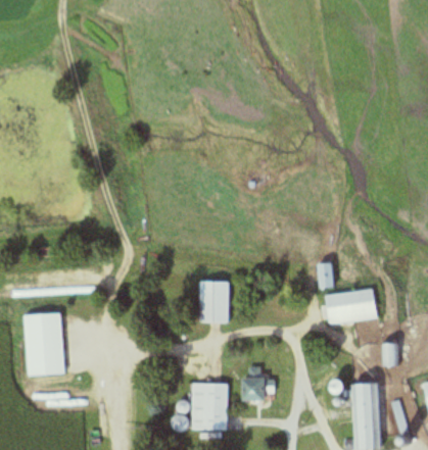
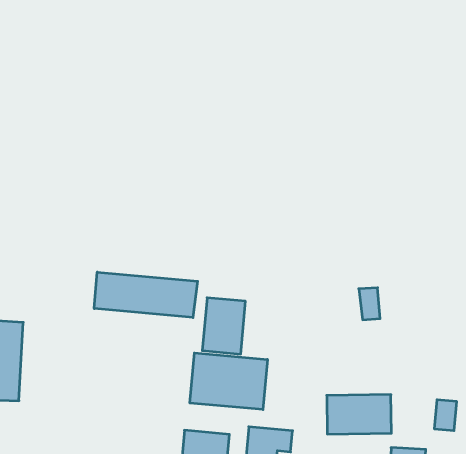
building: none -> [94,272,198,318]
building: [325,289,377,323] -> [327,395,391,434]
building: none -> [190,353,267,410]

